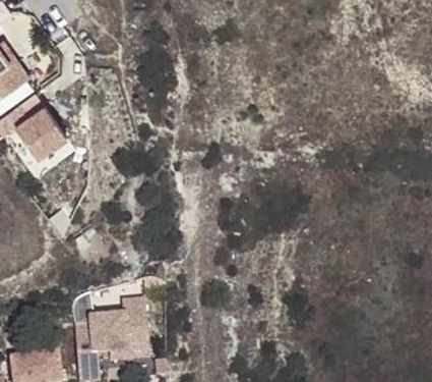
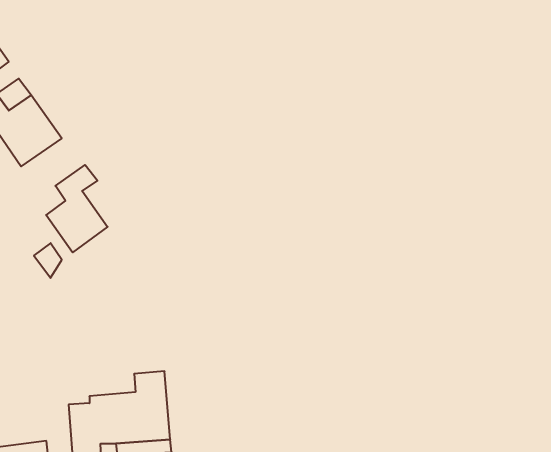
building: none -> [46,165,108,252]

